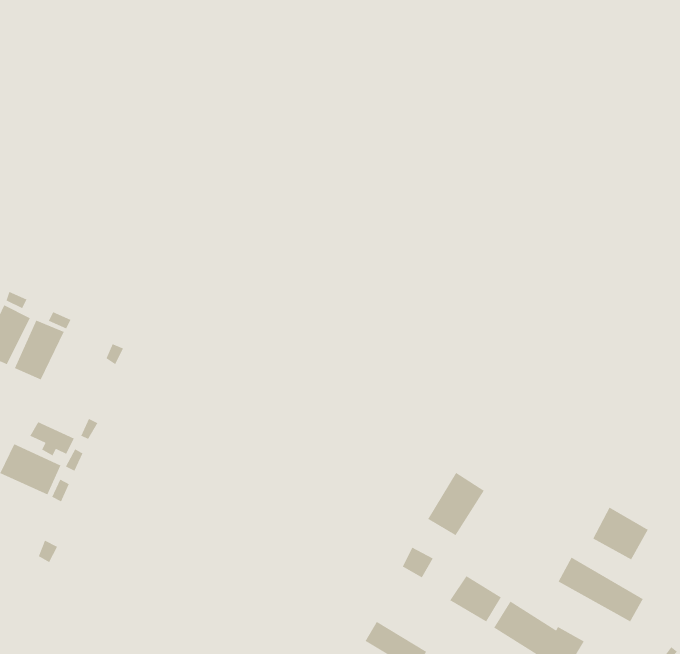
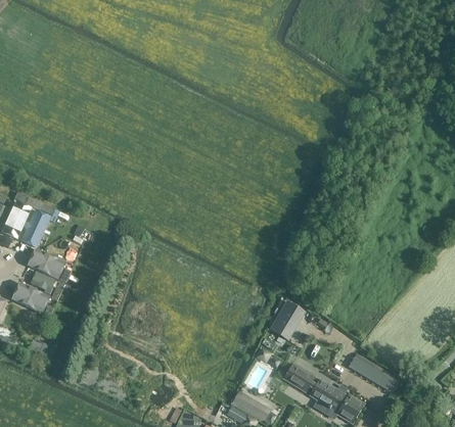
building: none -> [29,246,66,278]
building: [592,506,649,560] -> none

